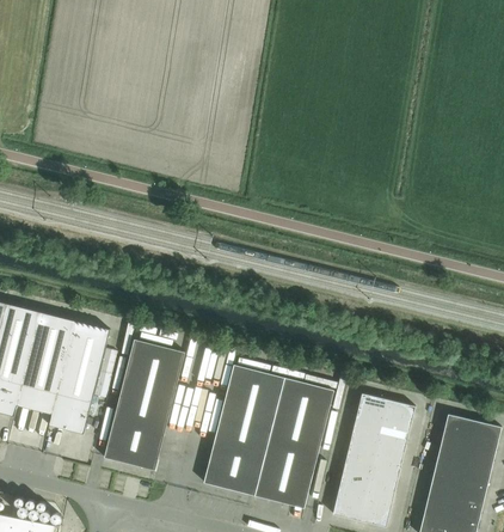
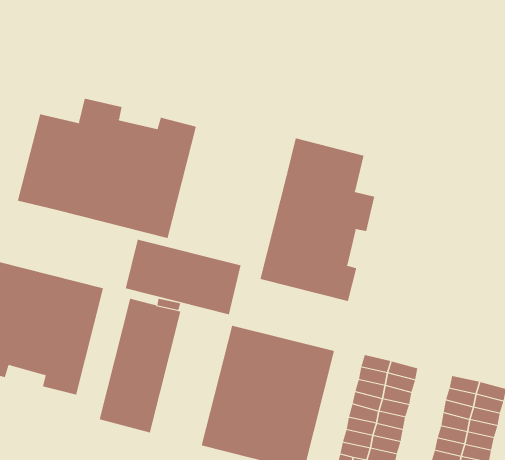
building: none -> [17,98,196,239]
building: none -> [260,137,375,302]
building: none -> [125,239,241,315]

